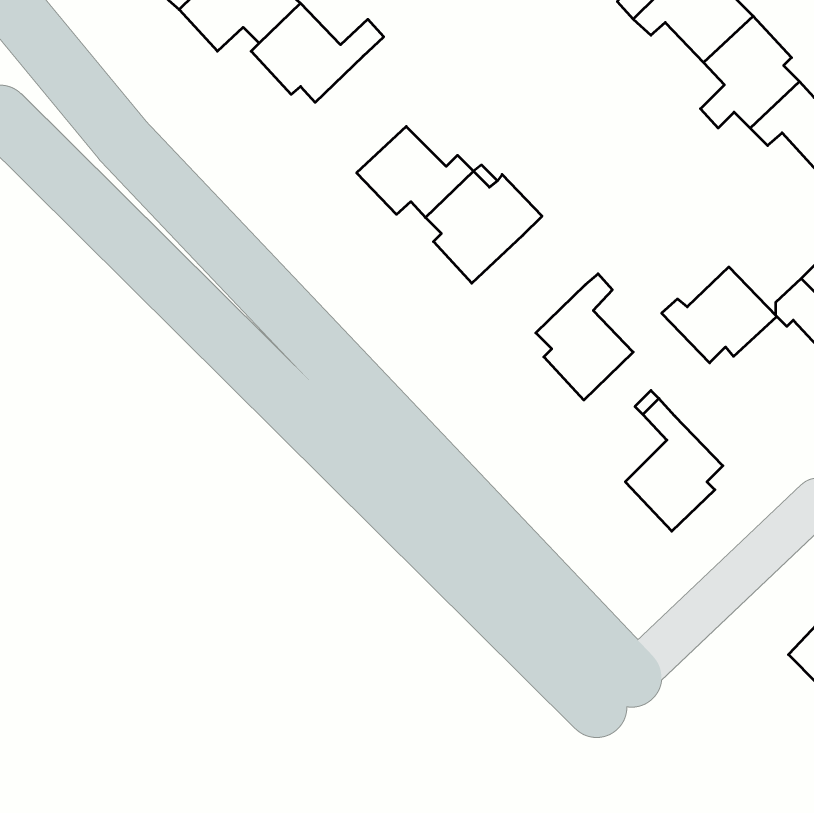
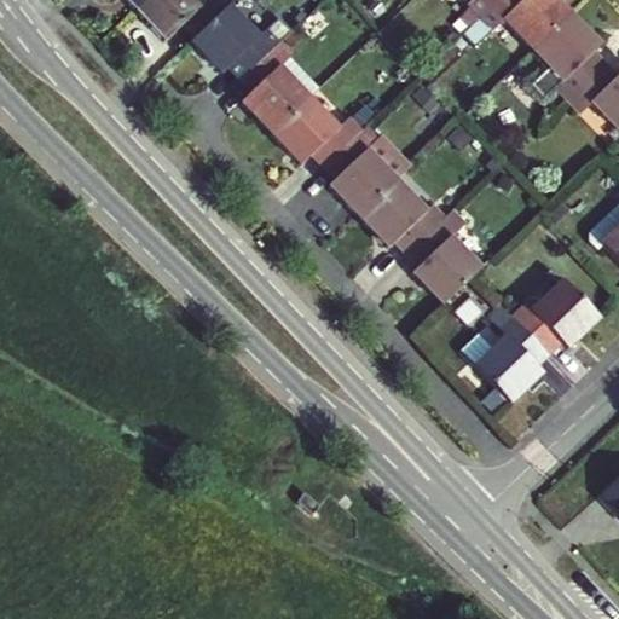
building: none -> [241,42,319,131]
building: none -> [359,178,445,251]
building: [662,267,777,363] -> [513,279,600,352]

